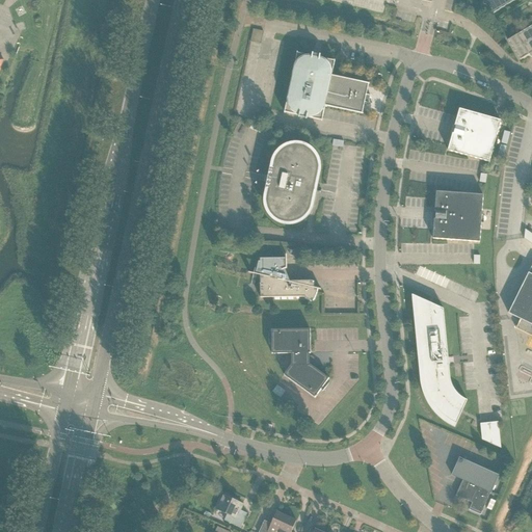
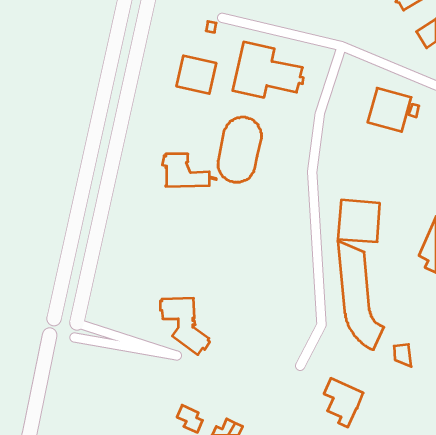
building: none -> [177,56,216,94]
building: [431,189,482,240] -> [338,200,380,242]
building: [255,257,320,296] -> [162,154,216,186]
building: [268,327,328,396] -> [160,298,210,355]
building: [450,454,498,513] -> [324,378,363,427]

